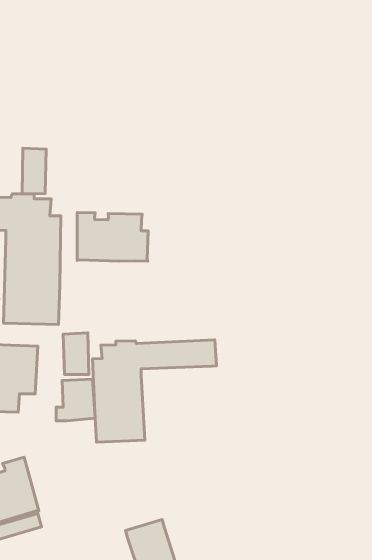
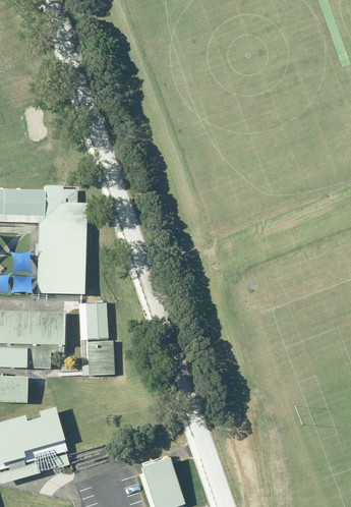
building: [22,148,46,194] -> none
building: [77,213,148,261] -> none
building: [93,340,216,442] -> none

